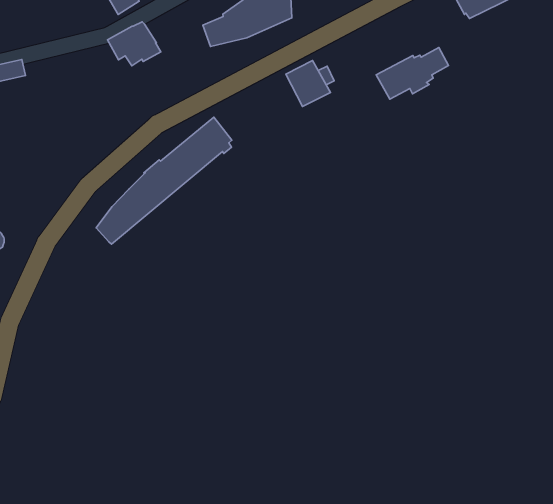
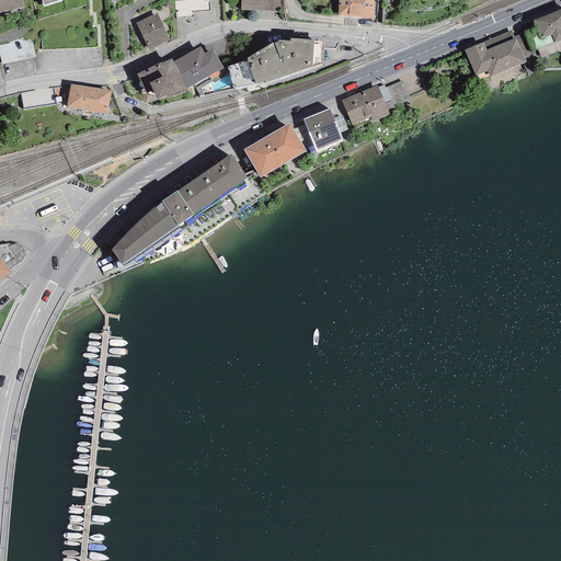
building: none -> [173,46,224,88]
building: [376,48,449,99] -> [341,79,410,124]
building: none -> [67,83,112,114]
building: none -> [243,122,306,176]

